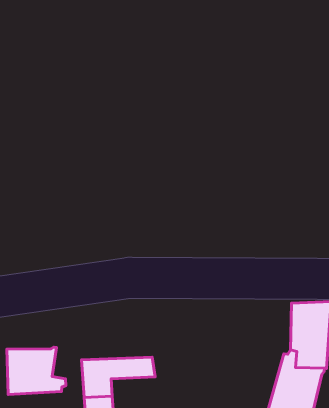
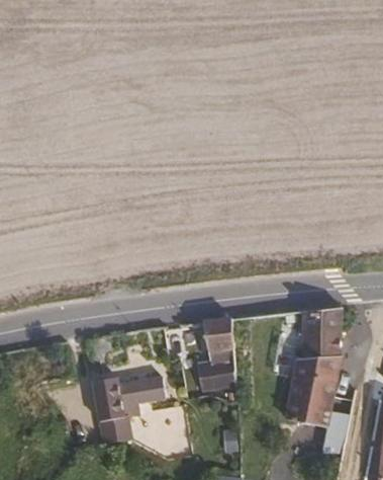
building: none -> [195,321,234,387]
building: [7,347,66,394] -> none

